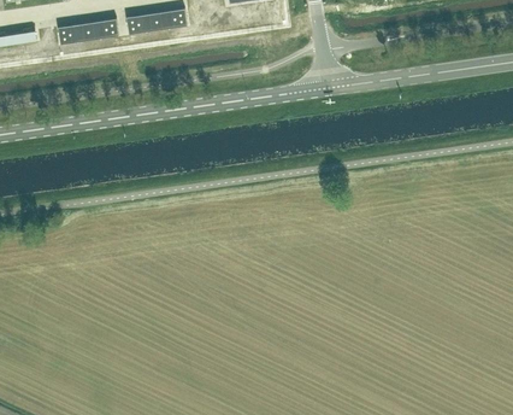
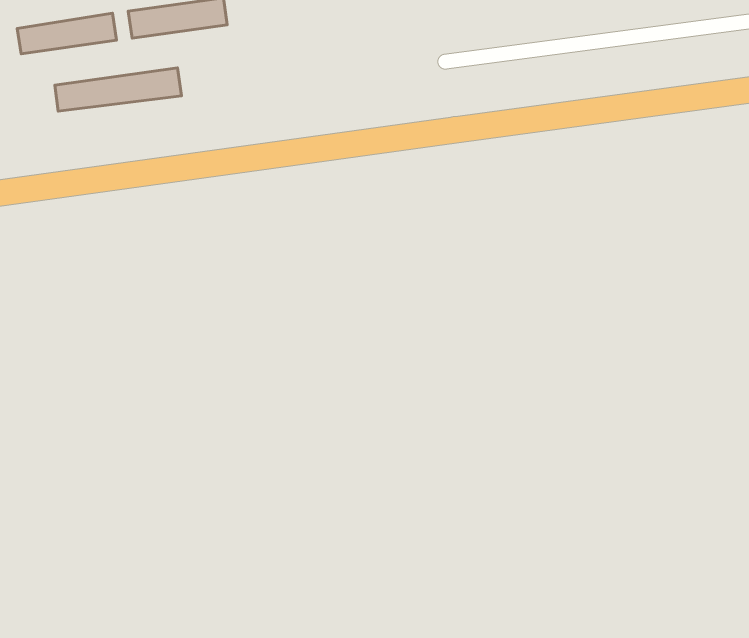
building: none -> [55,68,181,111]

